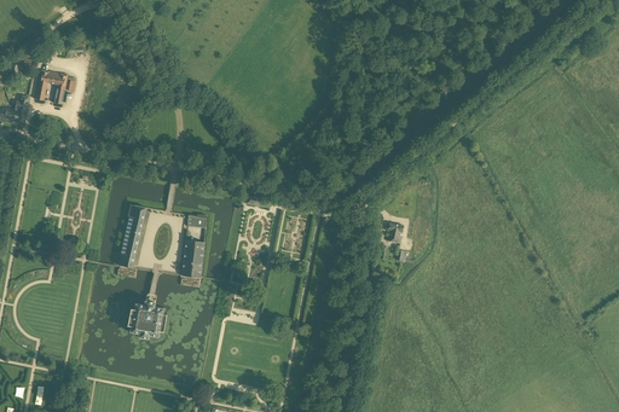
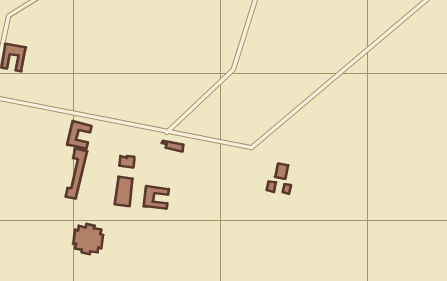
building: none -> [67,121,91,149]
building: none -> [144,186,169,209]

